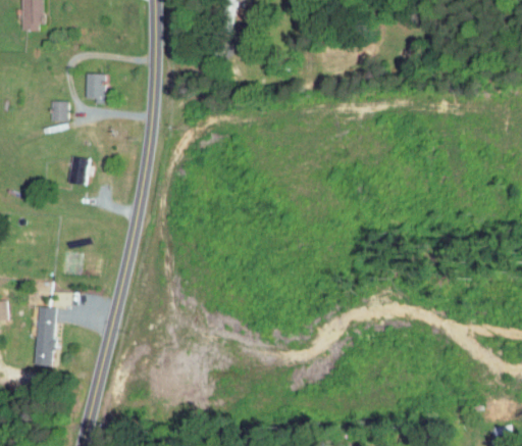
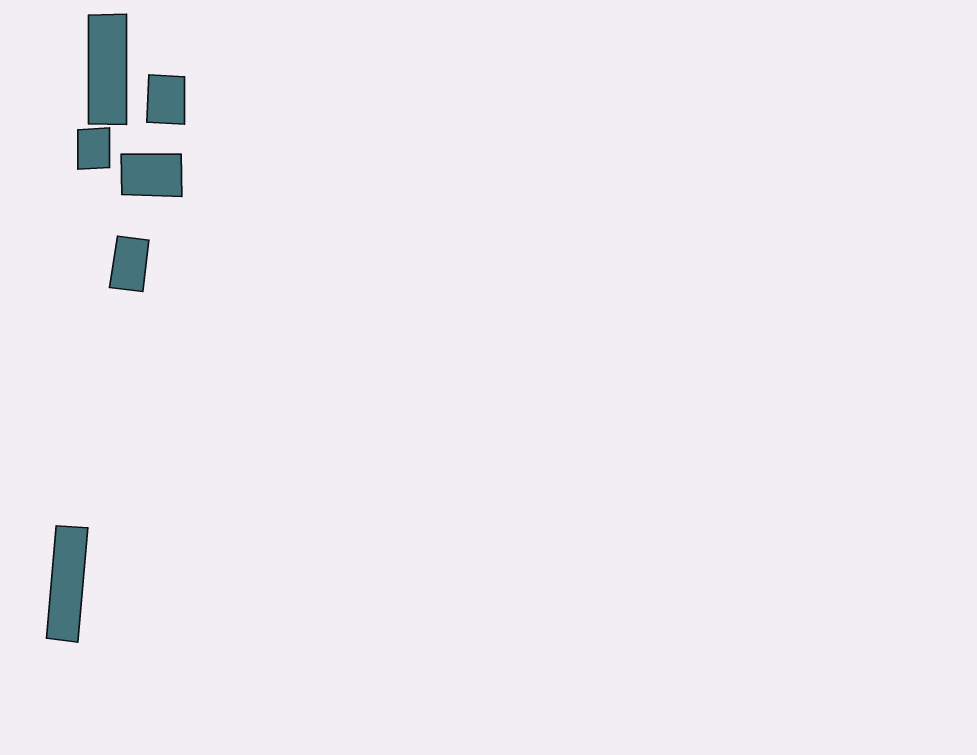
building: none -> [88,14,127,125]
building: none -> [121,154,182,197]

